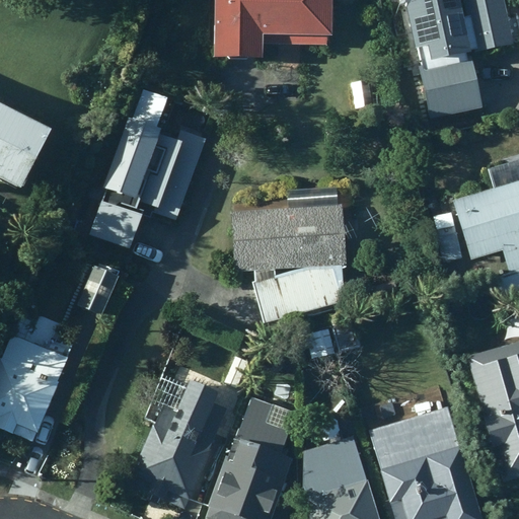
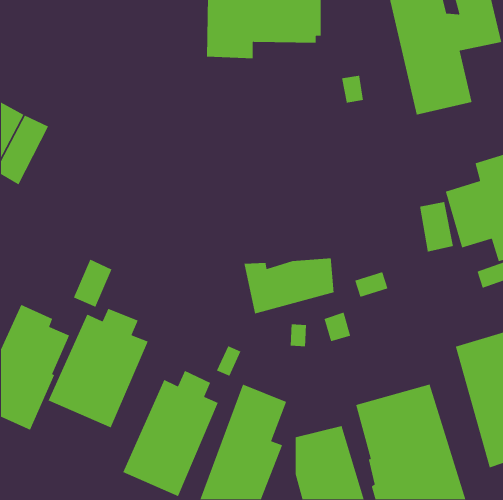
building: [91,119,206,248] -> none
building: [231,204,346,271] -> none
building: none -> [48,308,149,428]

